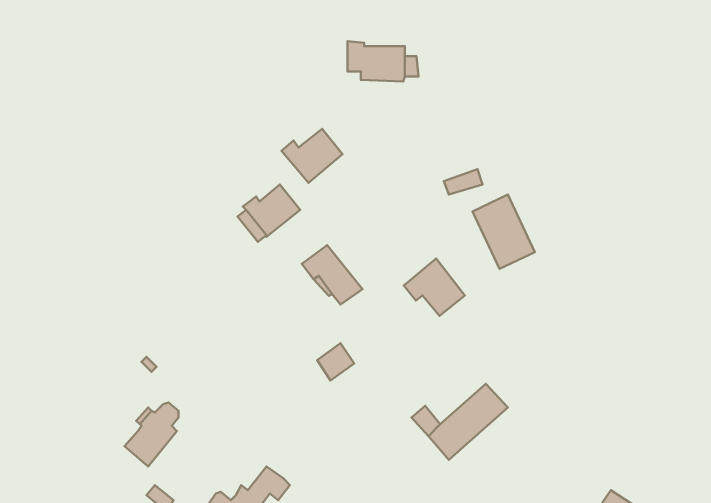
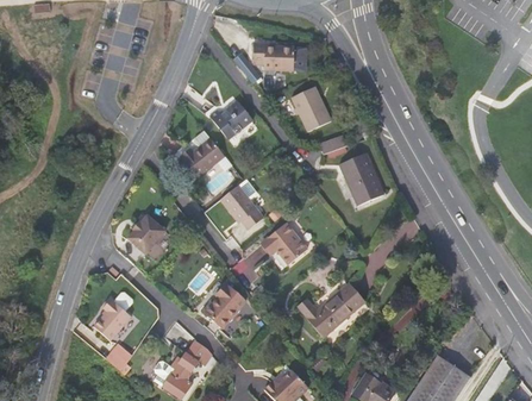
building: none -> [290,83,330,129]
building: [404,258,465,316] -> [263,220,306,261]
building: none -> [129,214,167,252]
building: none -> [202,289,246,331]

